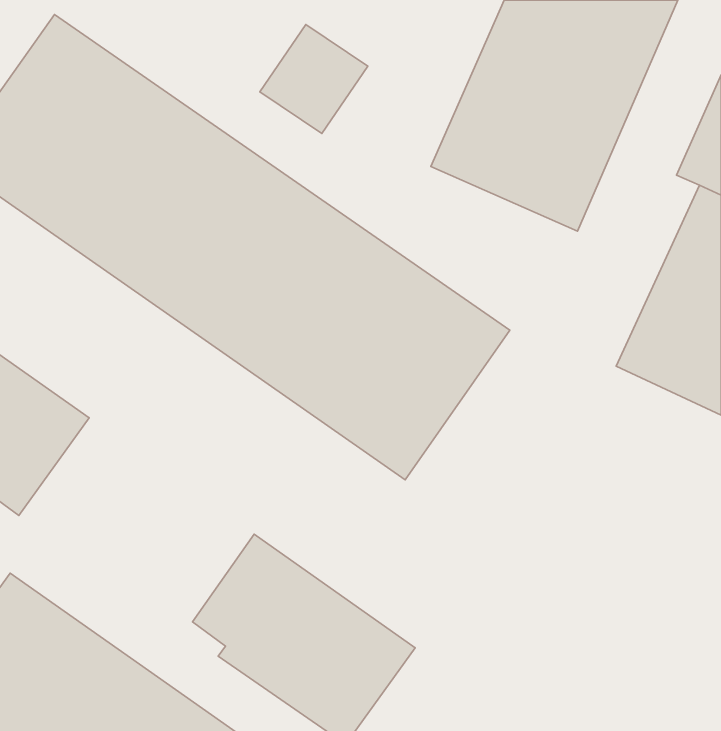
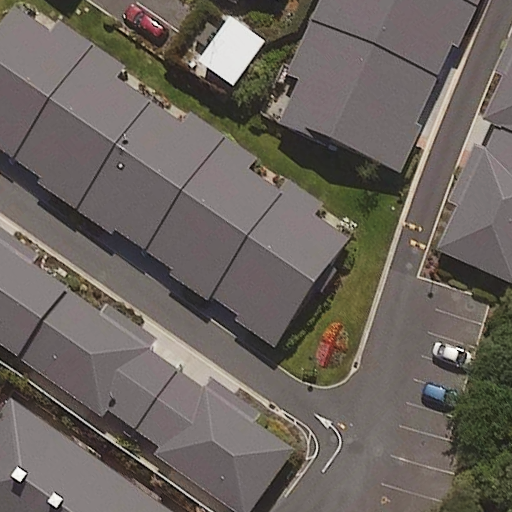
building: none -> [13,293,177,435]

